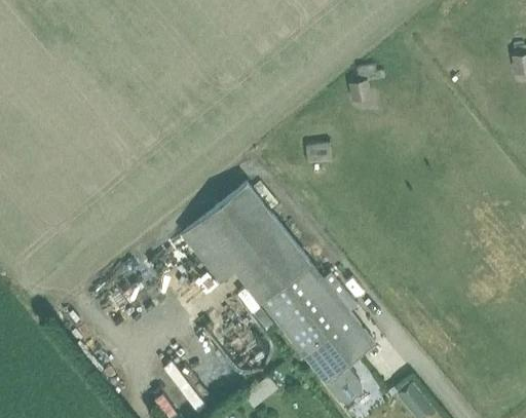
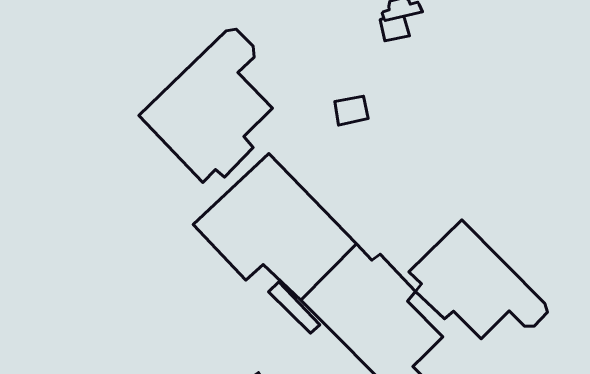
building: none -> [139,29,273,183]
building: none -> [409,220,548,339]

